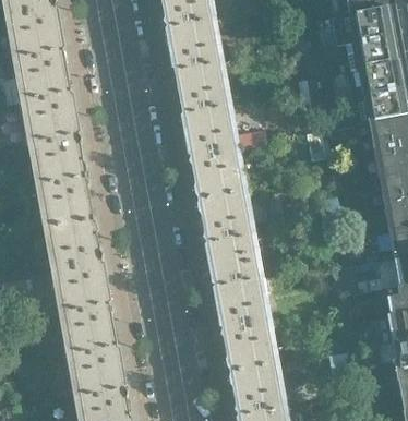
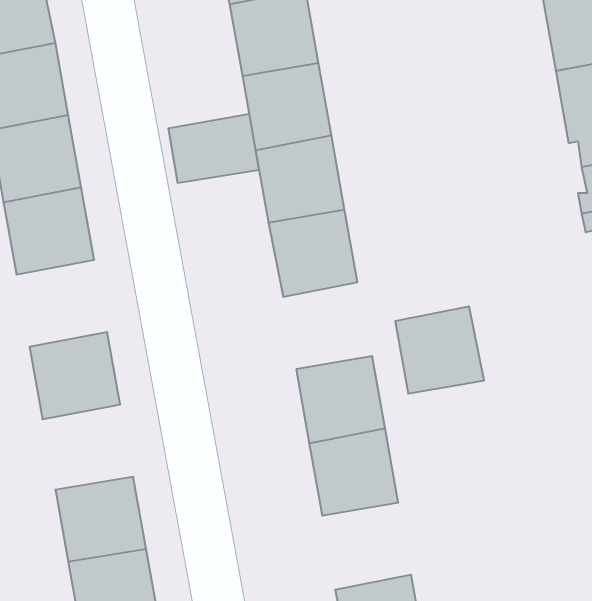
building: none -> [169,114,259,183]
building: [40,182,94,233] -> none
building: [197,195,250,246] -> [395,306,484,394]
building: [56,267,109,317] -> none
building: [220,325,273,376] -> none

